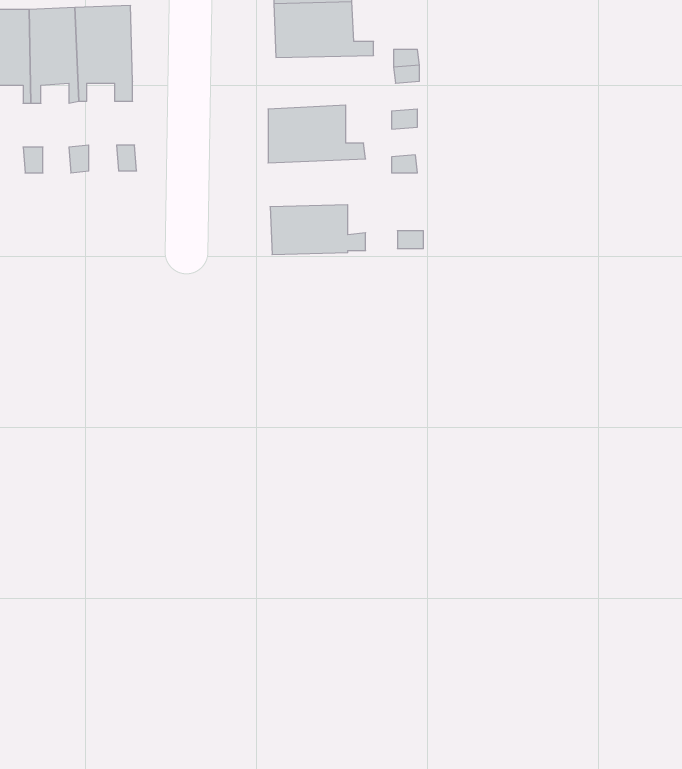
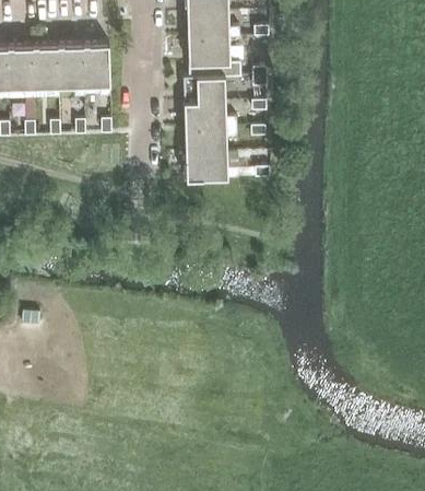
building: none -> [182,72,241,102]
building: none -> [184,129,237,155]

